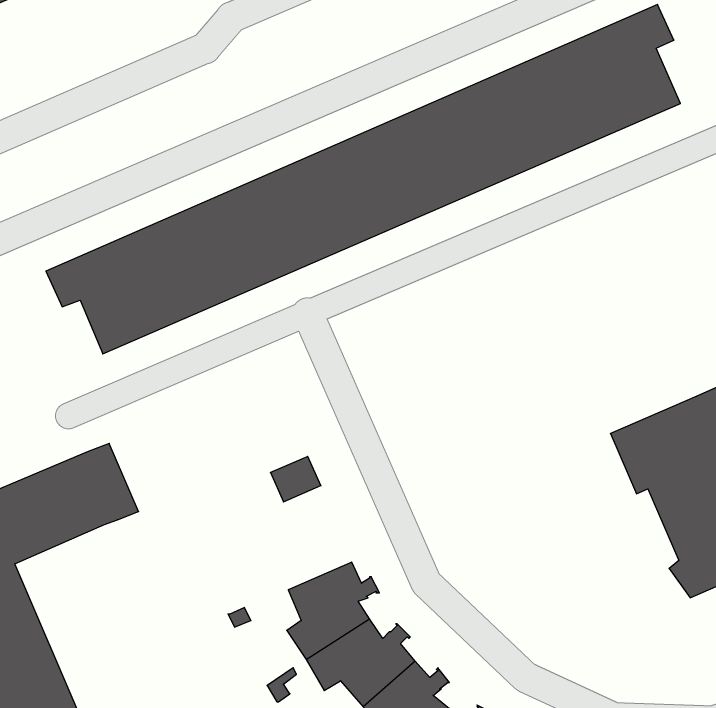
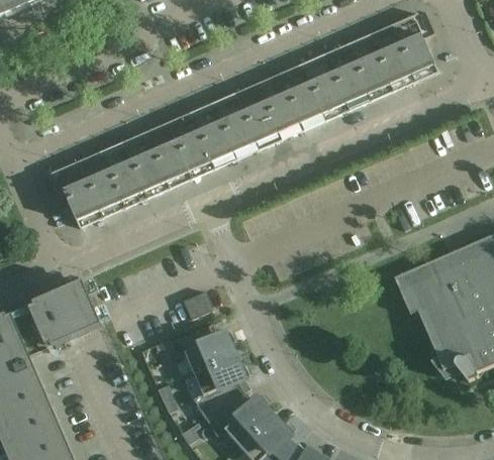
building: none -> [170,323,236,373]

